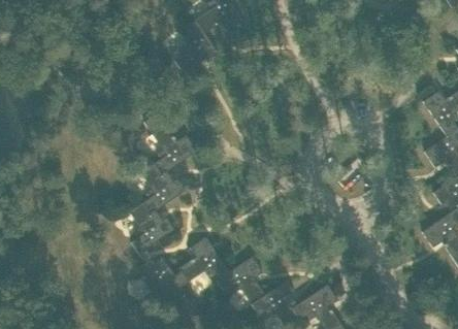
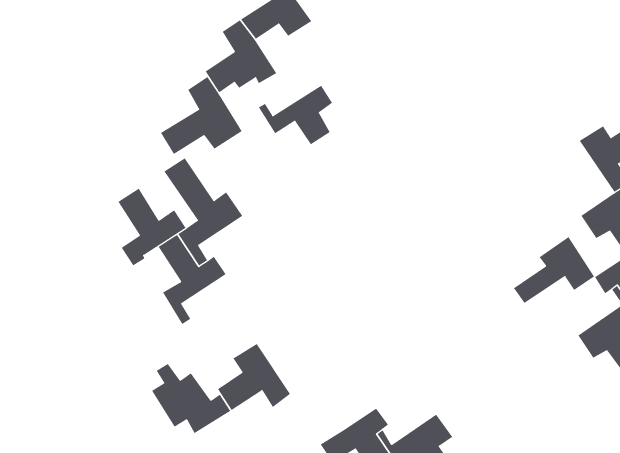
building: none -> [160,76,243,155]
building: none -> [258,85,333,145]
building: none -> [513,236,595,304]
building: [129,202,175,255] -> [118,188,187,266]
building: [218,256,266,304] -> none

